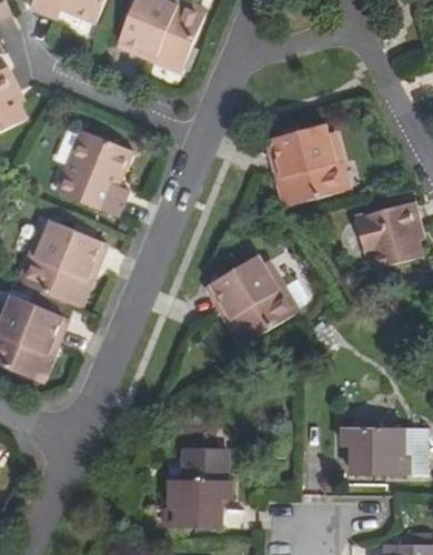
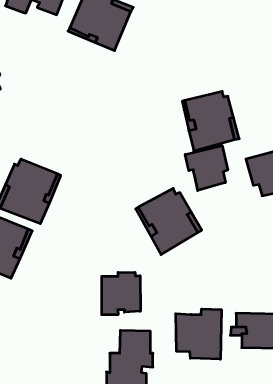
building: [60,131,130,215] -> none
building: none -> [185,146,228,191]
building: none -> [102,272,140,315]
building: none -> [176,309,221,359]

